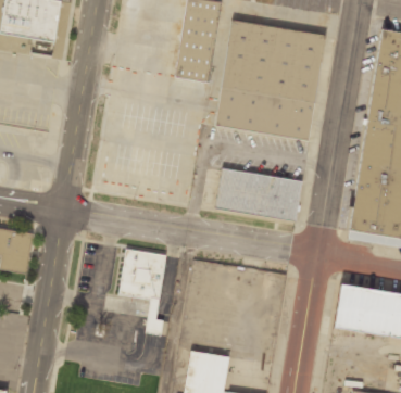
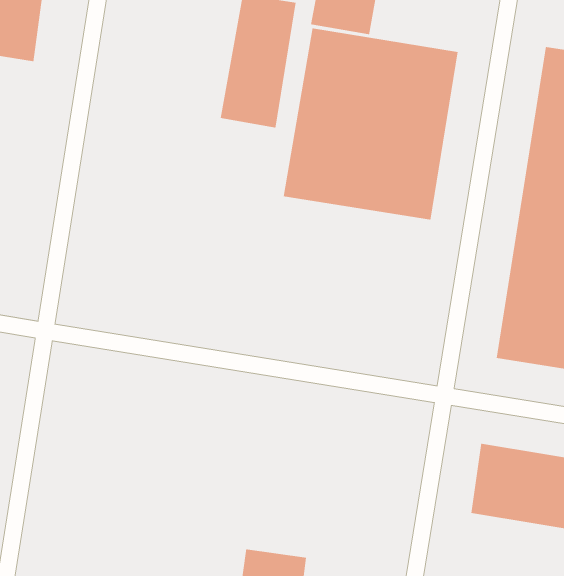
building: [215,167,303,221] -> none
building: [117,246,166,335] -> none

